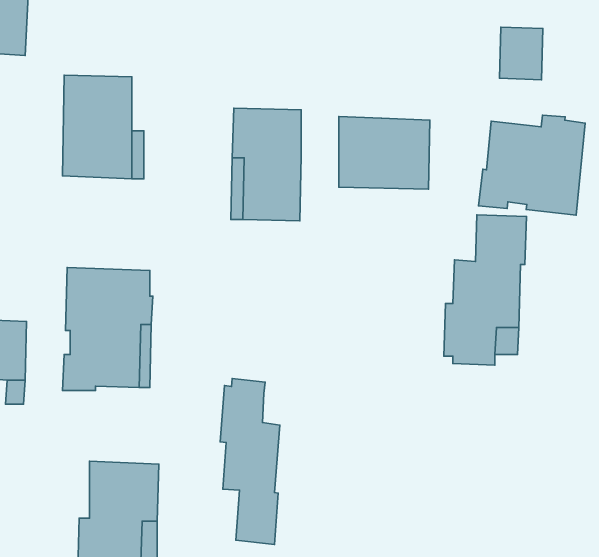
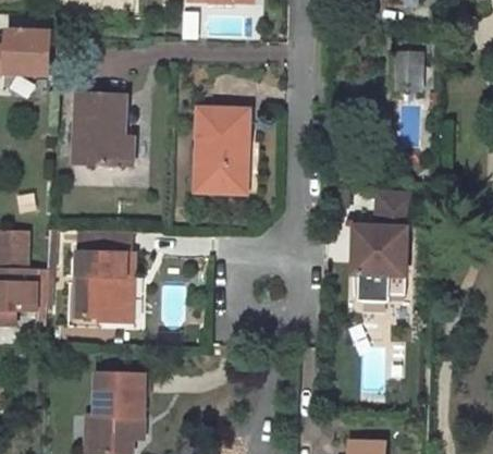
building: [478,115,585,215] -> none
building: [339,116,430,189] -> none
building: [220,379,280,544] -> none

